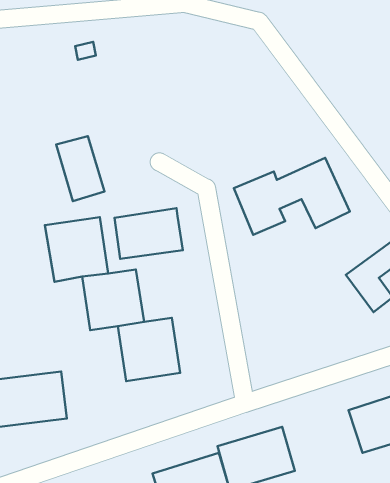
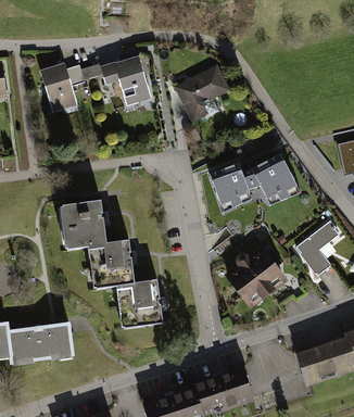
building: none -> [100,55,152,105]
building: none -> [172,65,231,124]
building: [56,136,105,201] -> [41,63,79,114]
building: [115,208,183,259] -> none
building: none -> [225,245,291,311]

